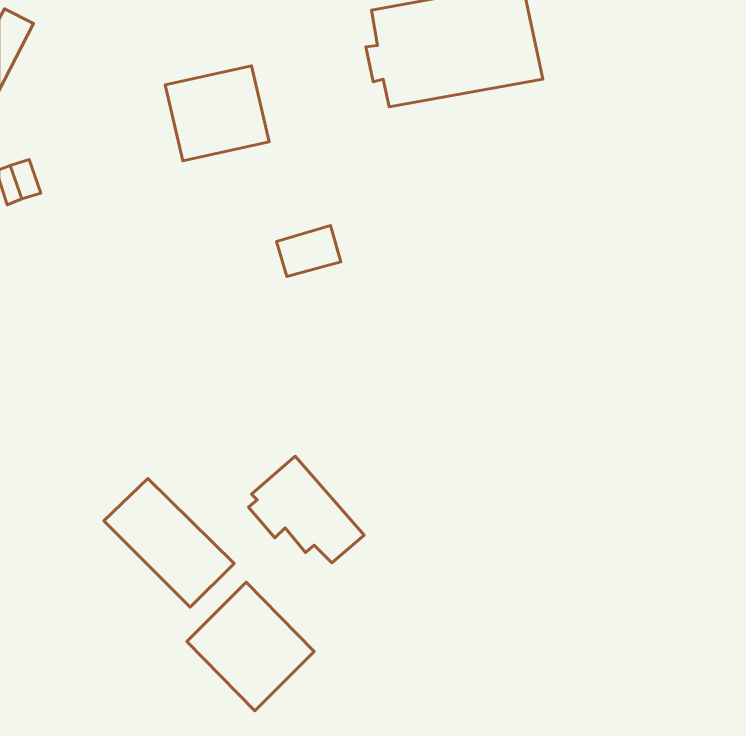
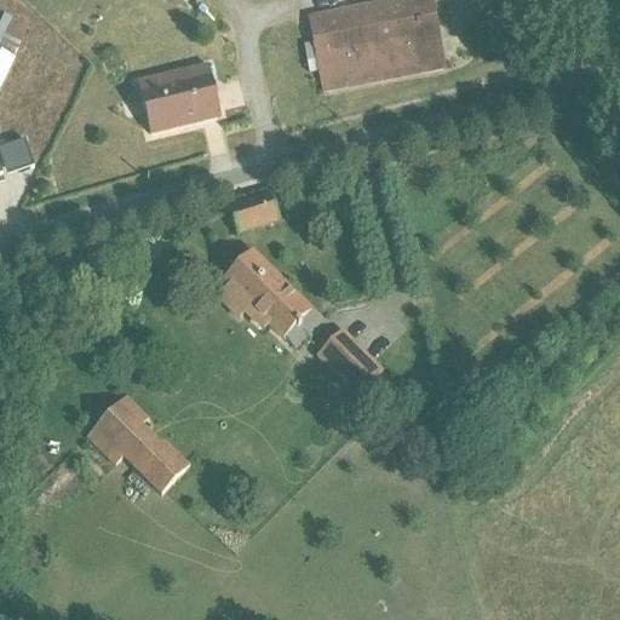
building: none -> [314,327,380,394]
building: [248,456,364,563] -> [218,251,314,339]
building: [187,582,314,711] -> none

